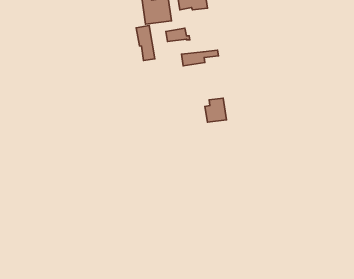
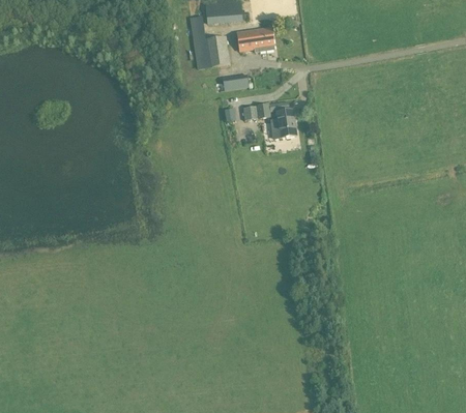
building: [136,26,155,60] -> none
building: [205,98,227,122] -> [269,109,296,139]

